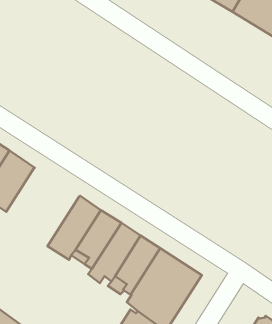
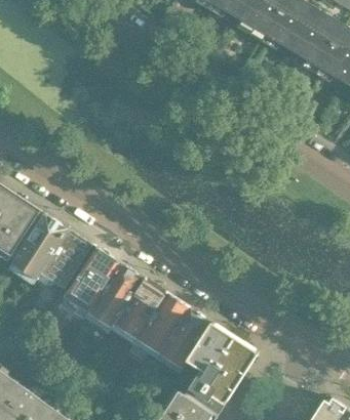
building: none -> [35,229,91,295]
building: none -> [66,247,118,319]

